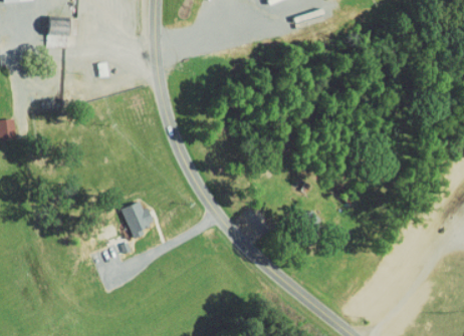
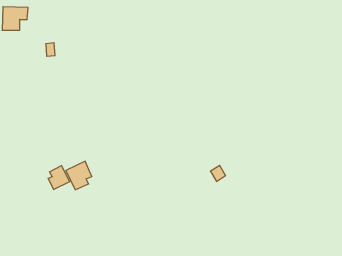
building: none -> [48,166,69,190]

